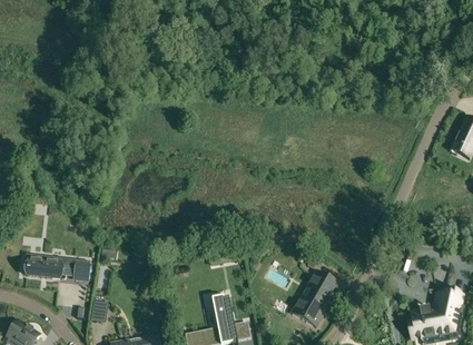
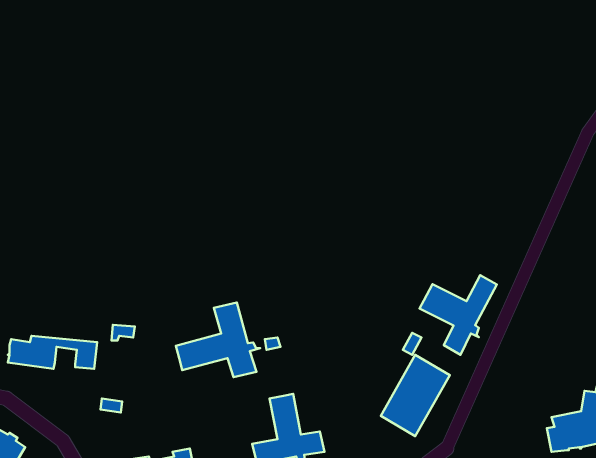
building: none -> [420,275,497,355]
building: none -> [176,302,260,377]

